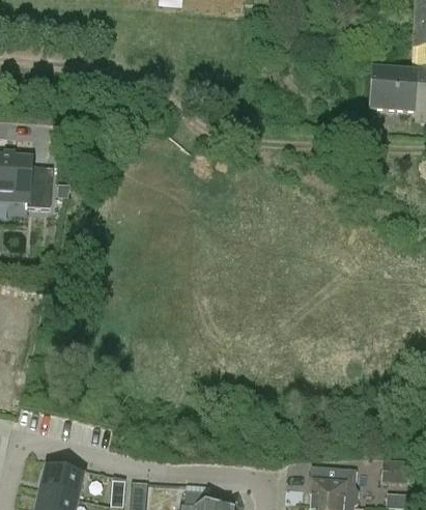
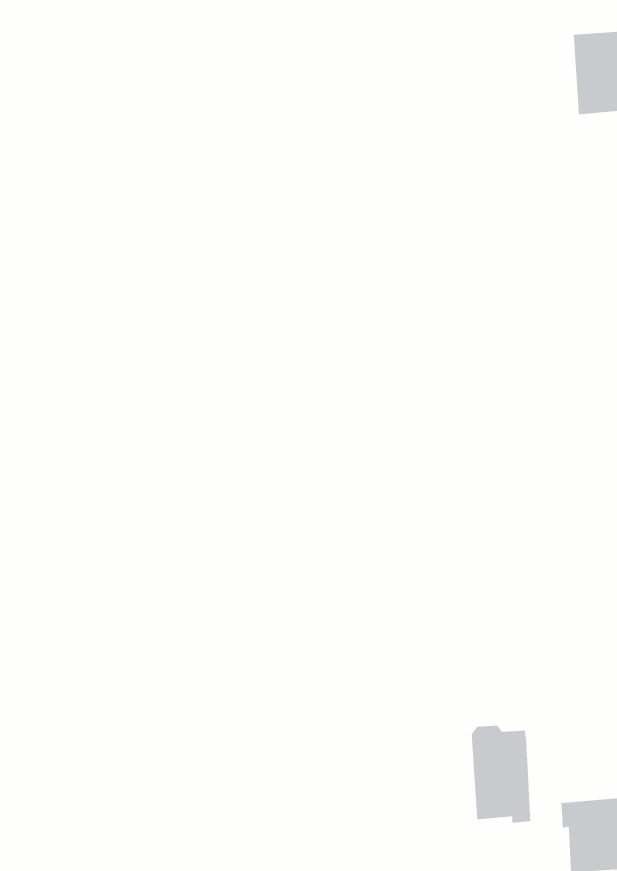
building: none -> [471,725,531,823]

